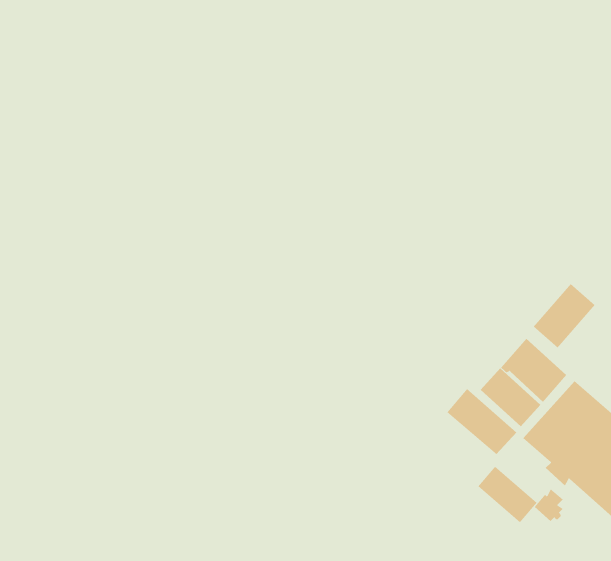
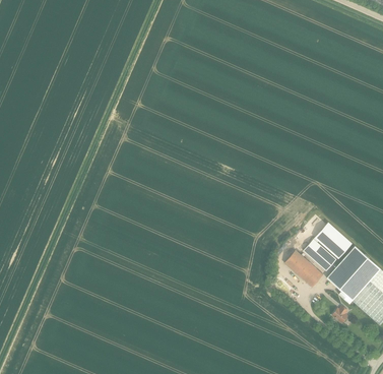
building: [533,283,596,348] -> none
building: [477,466,537,523] -> none

